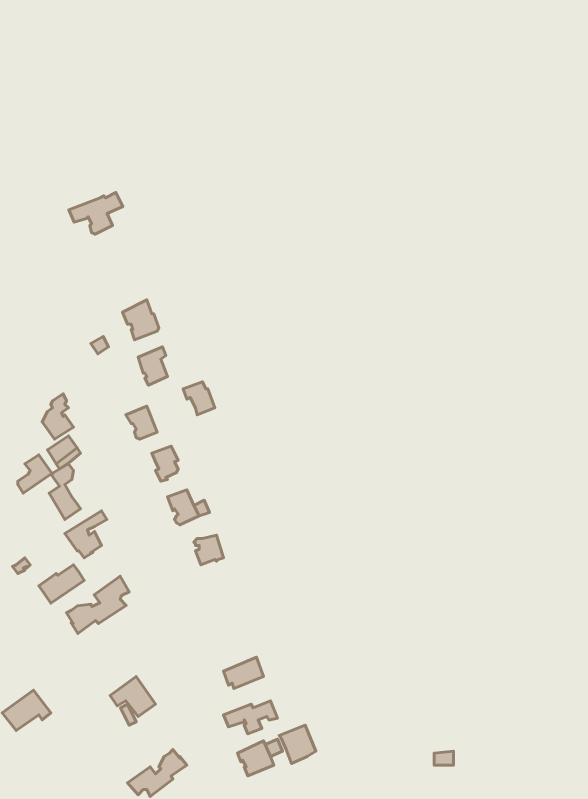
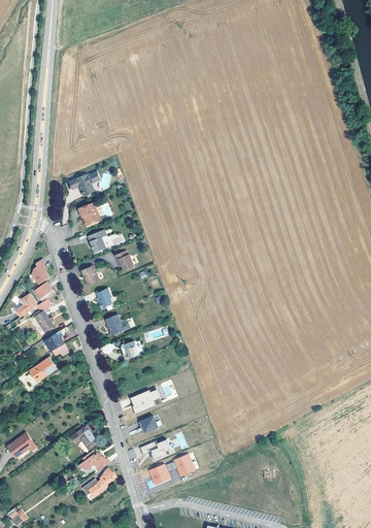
building: [69,192,123,234] -> [68,171,100,196]
building: [66,576,129,633] -> none
building: none -> [130,387,161,414]
building: none -> [79,451,109,473]

